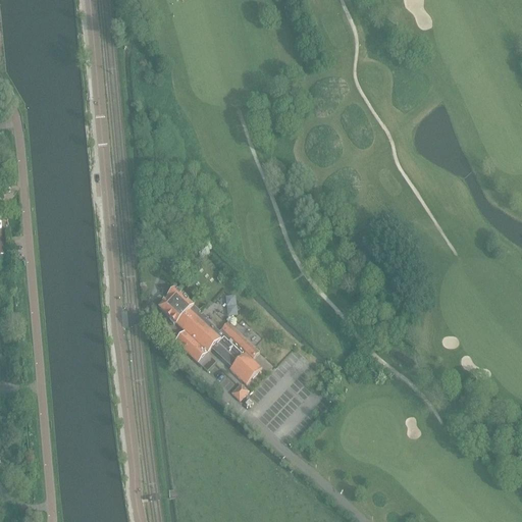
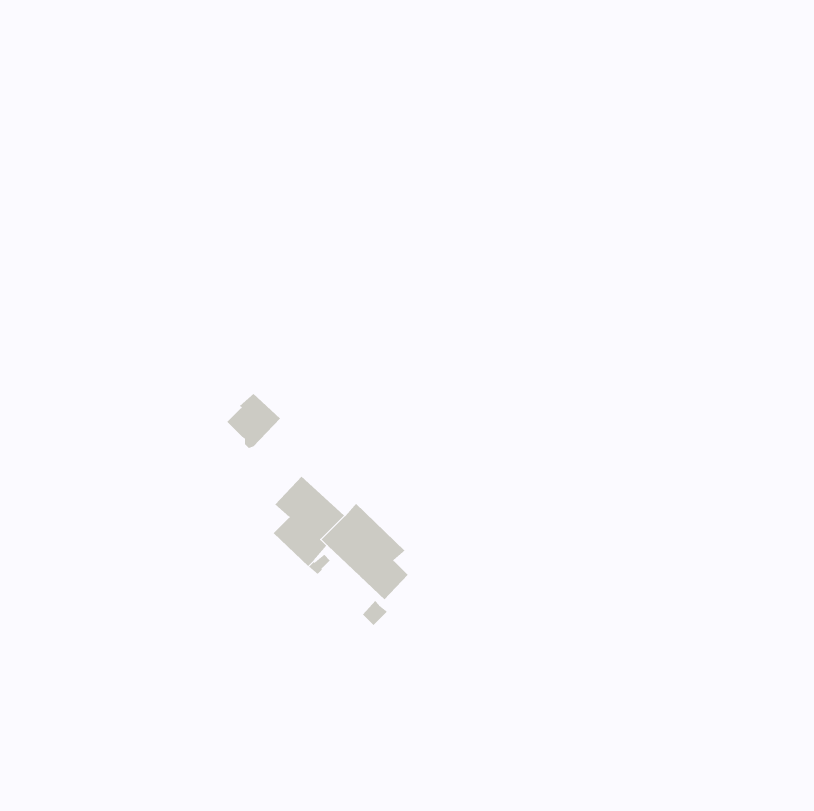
building: [158,288,193,323] -> [226,393,281,449]

